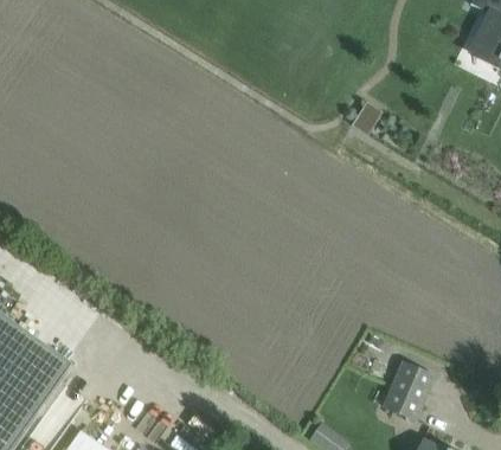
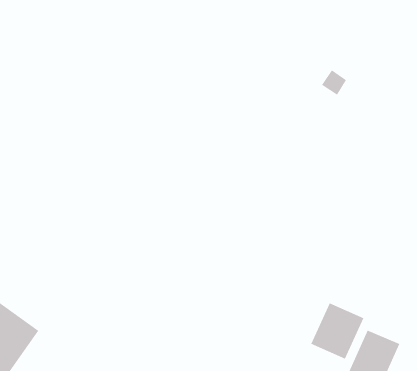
building: none -> [311,303,364,359]

